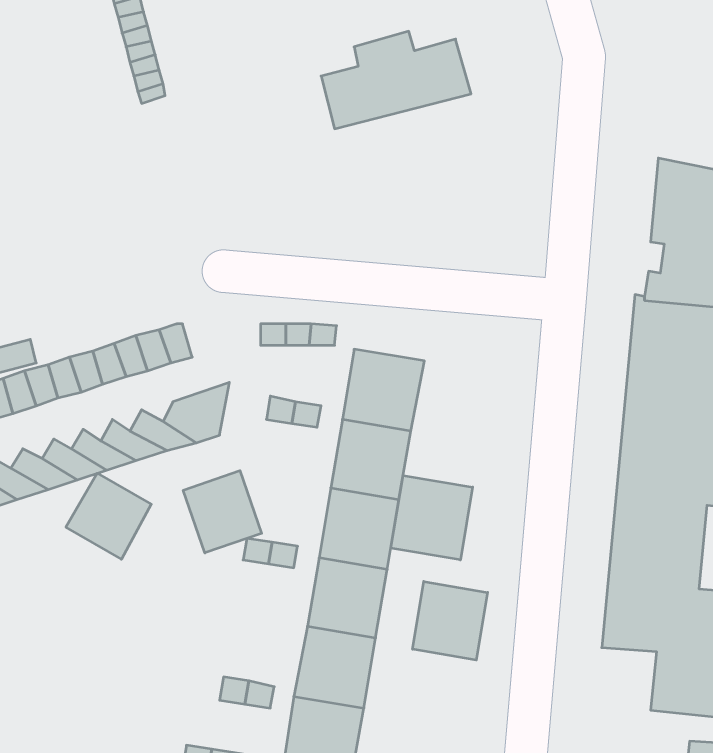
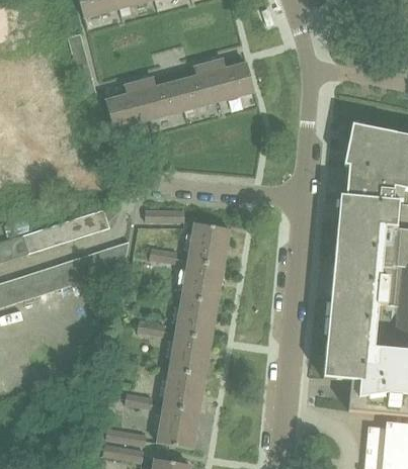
building: none -> [106,77,184,127]
building: [183,471,262,553] -> none
building: [66,473,151,559] -> none
building: [391,475,473,560] -> none
building: [413,581,488,660] -> none

